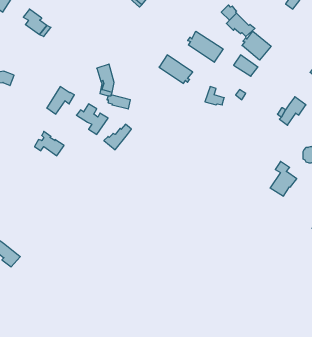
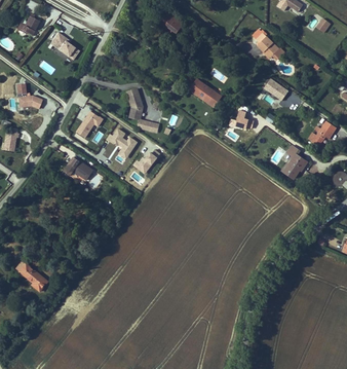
building: [242,31,271,60] -> none
building: [188,31,223,62] -> none
building: [270,161,297,196] -> [280,145,307,180]

